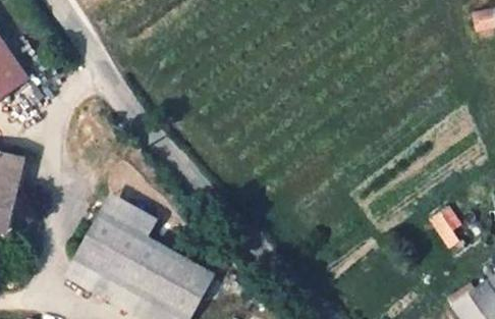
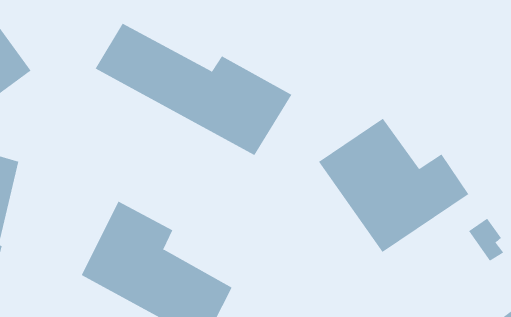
building: none -> [95,23,292,156]
building: none -> [318,118,469,253]

